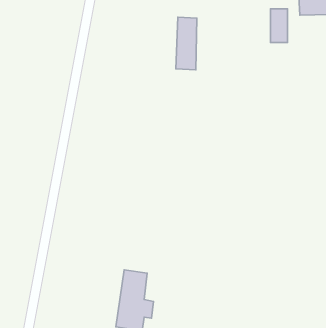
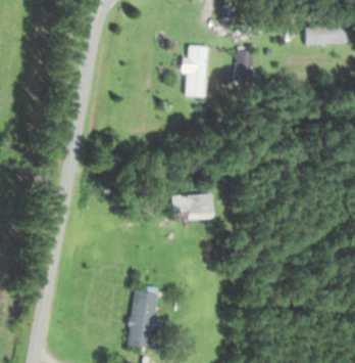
building: [271,9,287,42] -> [236,50,252,83]
building: none -> [169,193,209,218]

